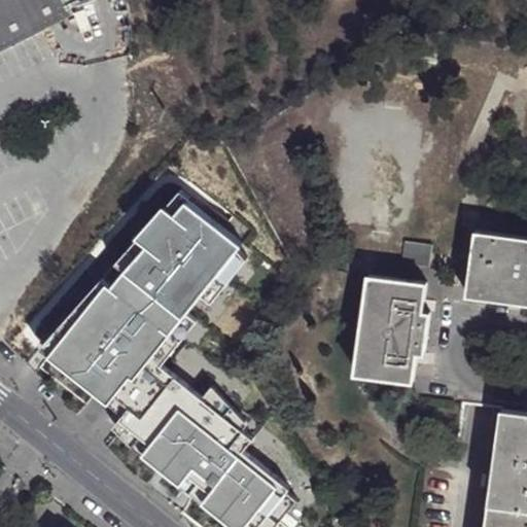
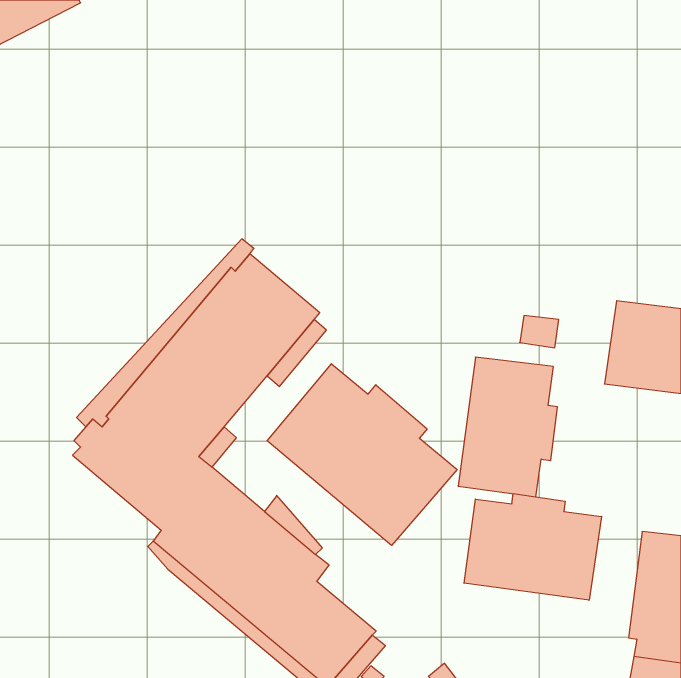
building: none -> [267,364,457,545]
building: none -> [464,494,602,600]

